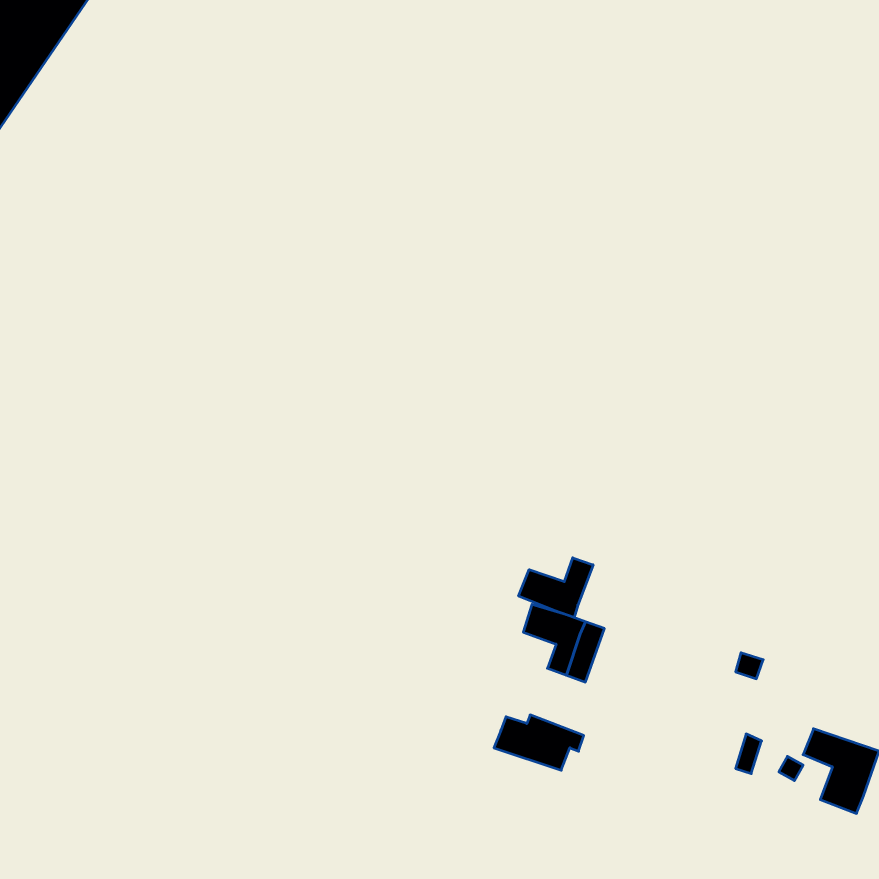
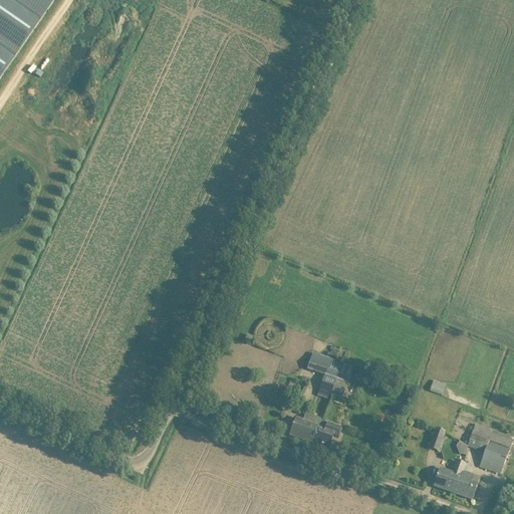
building: [519,558,593,618] -> none
building: none -> [432,459,478,499]

